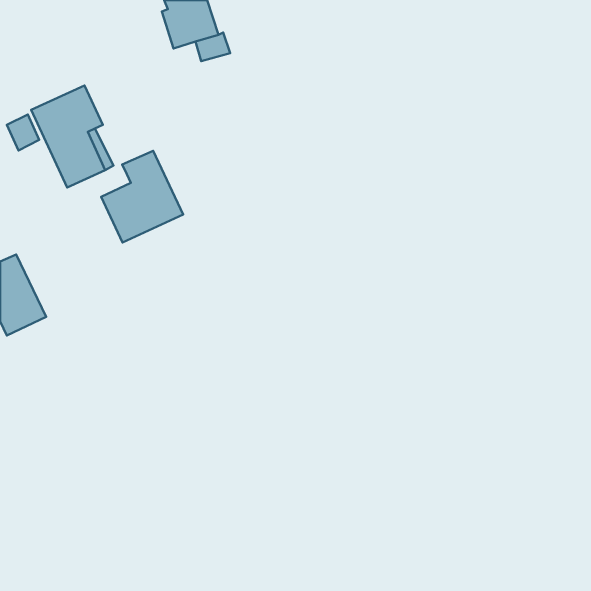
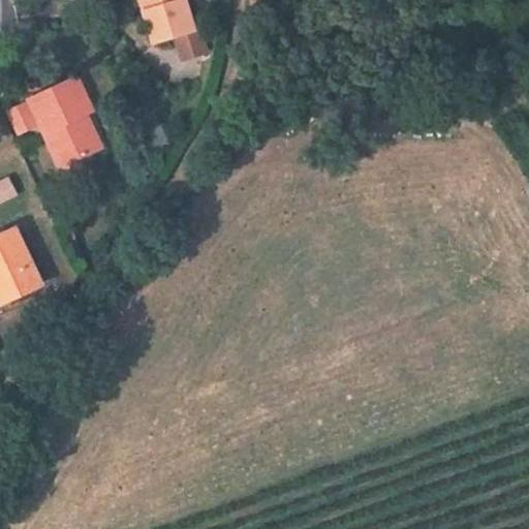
building: [101,151,183,243] -> none

